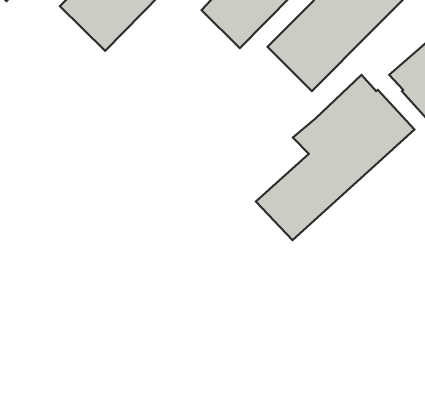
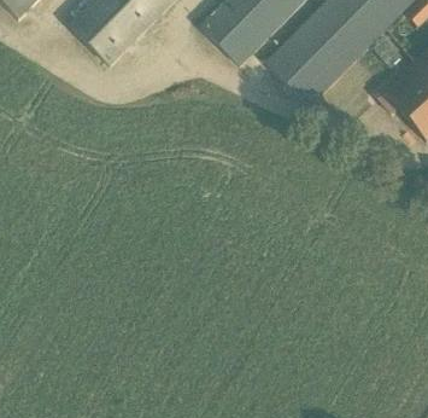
building: [256,75,414,240] -> none

